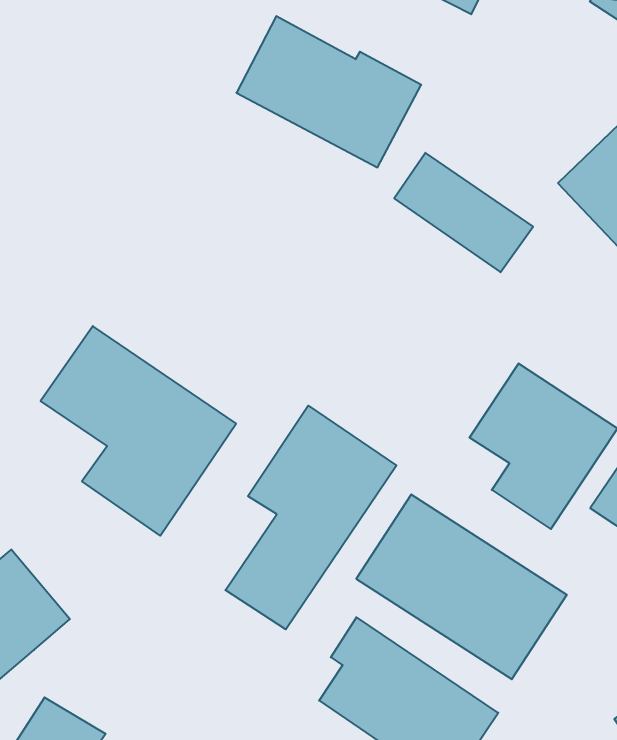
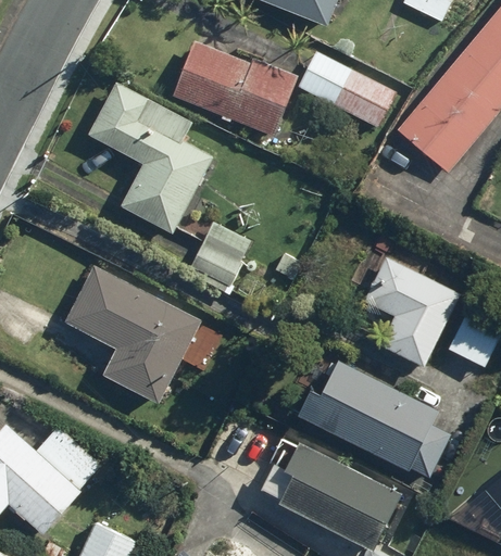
building: none -> [88,83,213,233]
building: [394,153,533,272] -> [300,53,397,128]
building: none -> [190,220,251,288]
building: [225,406,396,629] -> none

